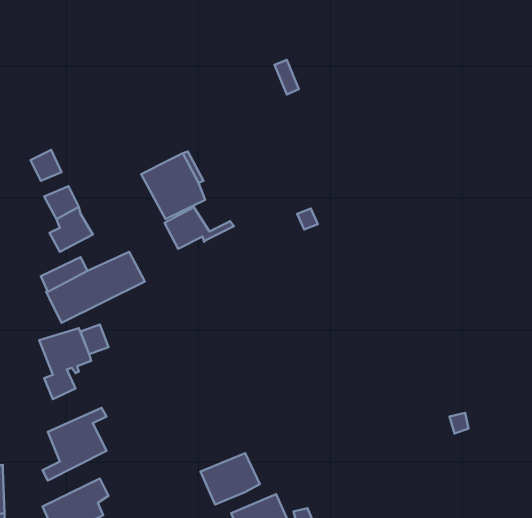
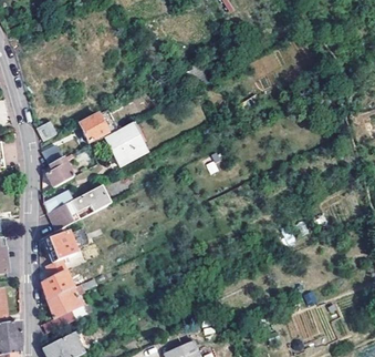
building: [164,207,234,249] -> [81,114,125,141]
building: none -> [41,273,82,300]
building: [201,453,260,505] -> none

